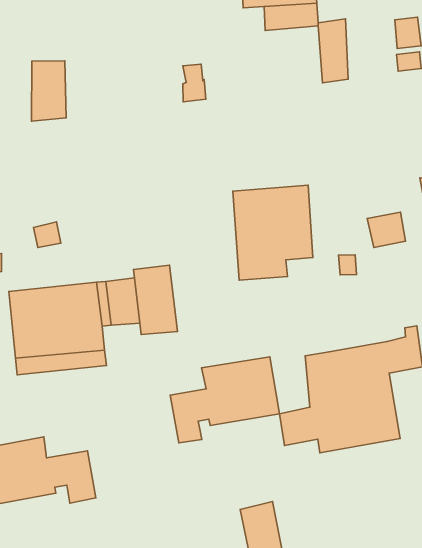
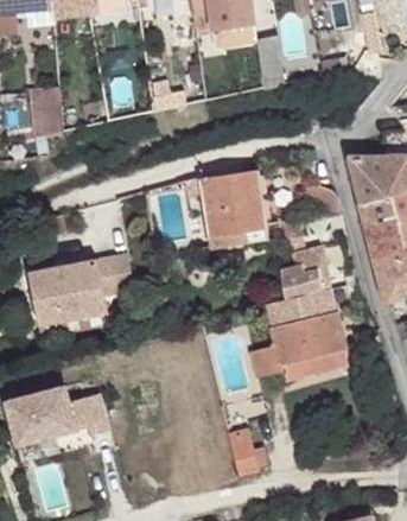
building: [134,265,177,334] -> none
building: none -> [280,244,331,300]
building: [170,357,279,443] -> none

